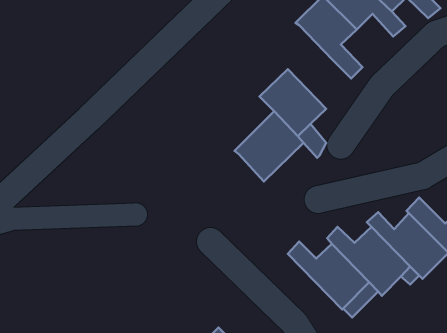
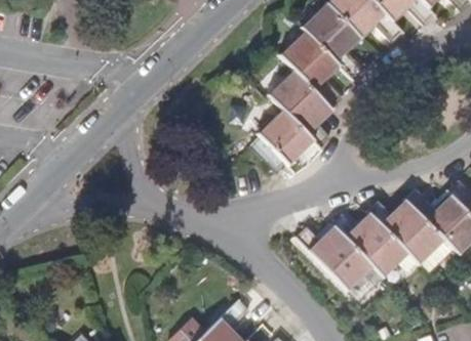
building: none -> [280,31,343,109]

